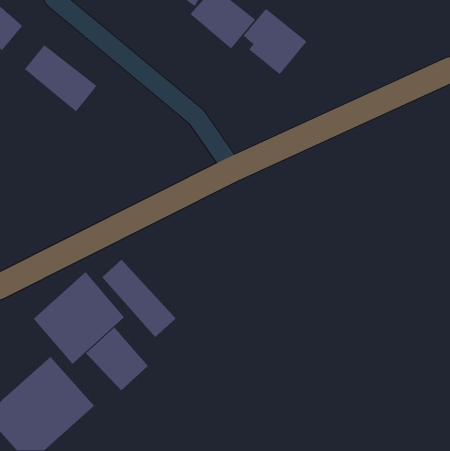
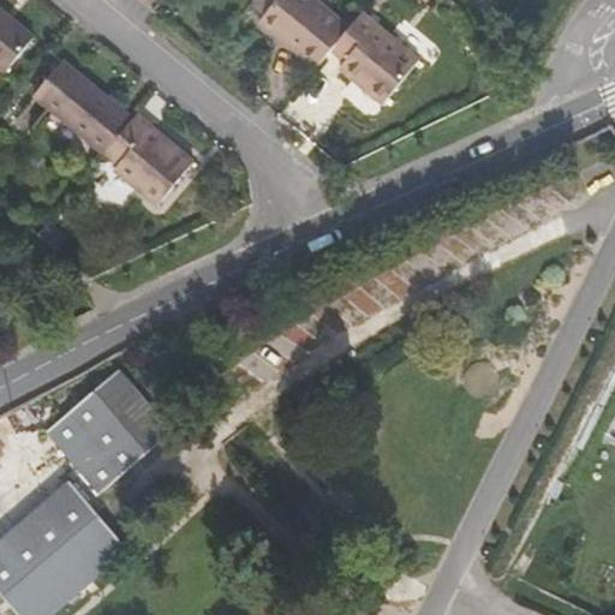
building: none -> [103,112,192,203]
building: [102,259,177,338] -> none
building: [85,327,149,391] -> none

